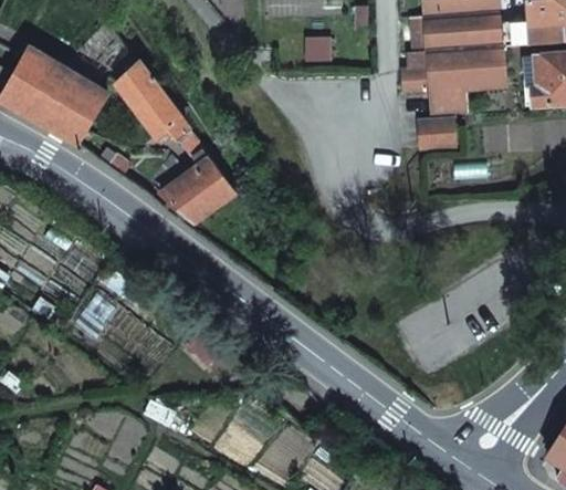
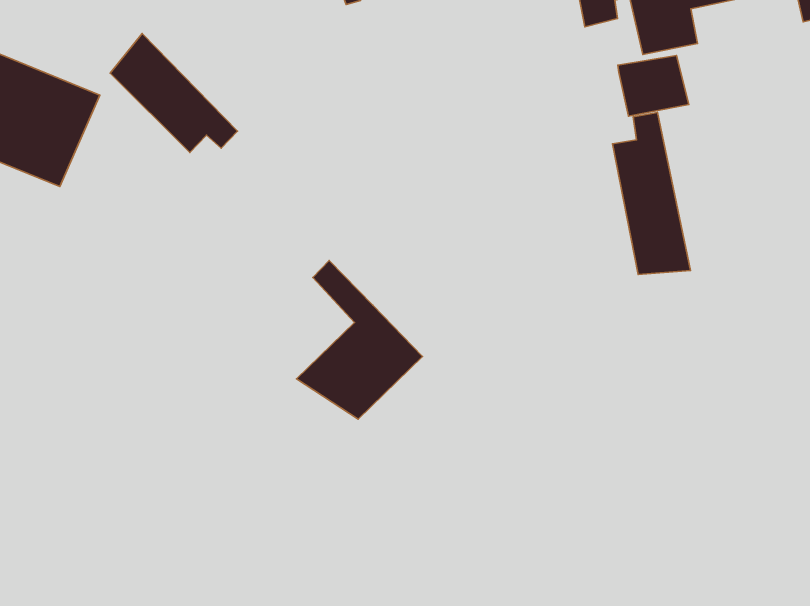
building: [159,126,235,222] -> [297,260,423,419]
building: none -> [612,113,691,274]

